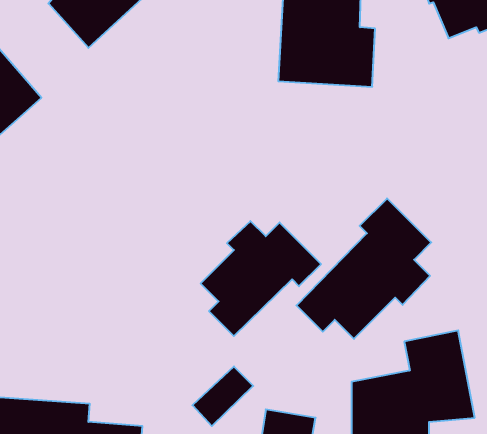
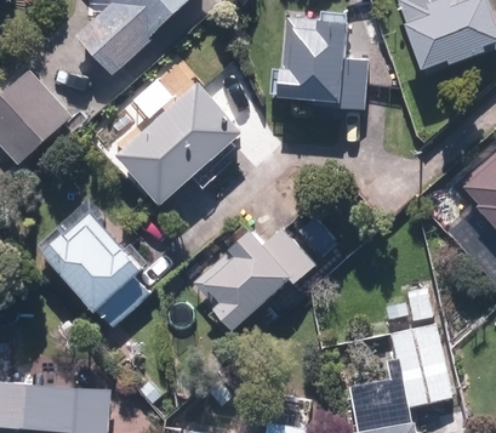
building: none -> [115,79,245,205]
building: [296,198,431,339] -> none
building: none -> [44,222,149,329]

